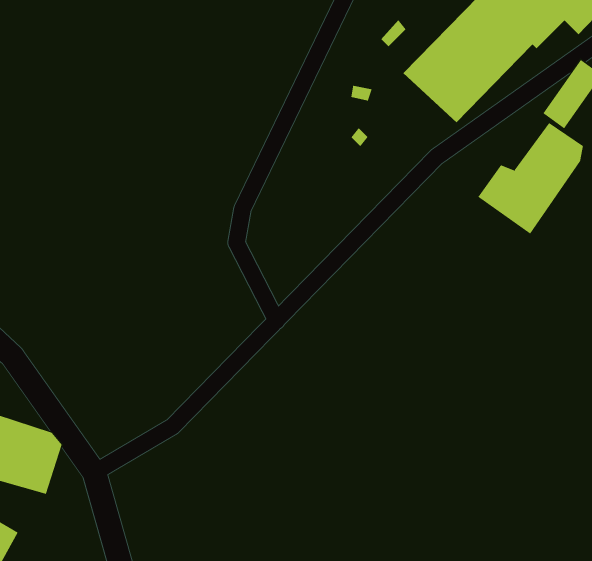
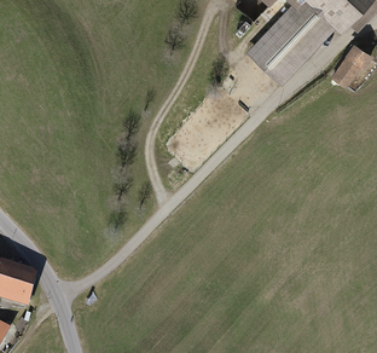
building: [477,122,583,234] -> none

